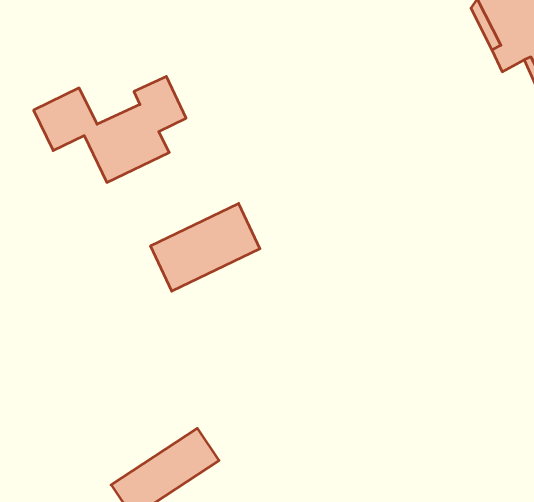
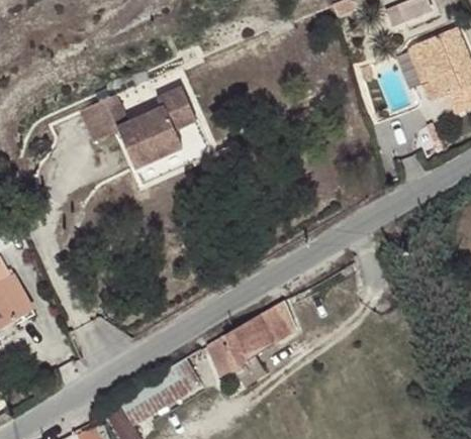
building: [151,203,260,291] -> none
building: none -> [207,300,297,386]

